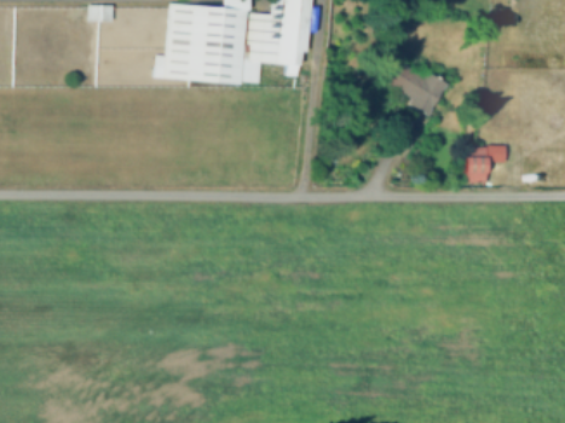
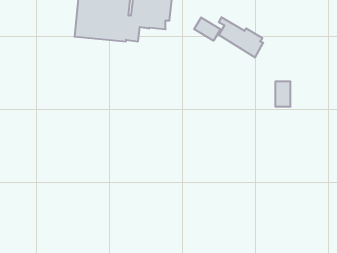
building: none -> [194,17,220,41]

